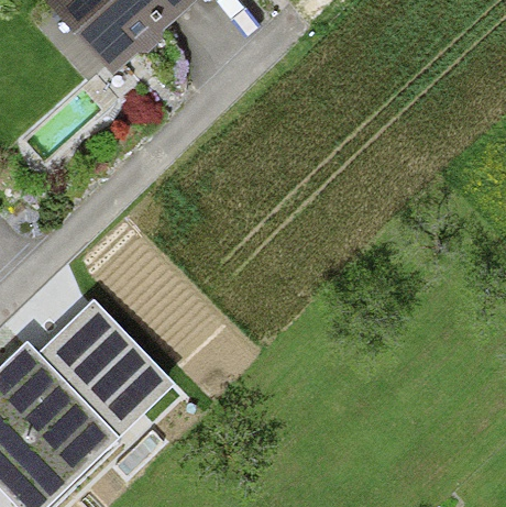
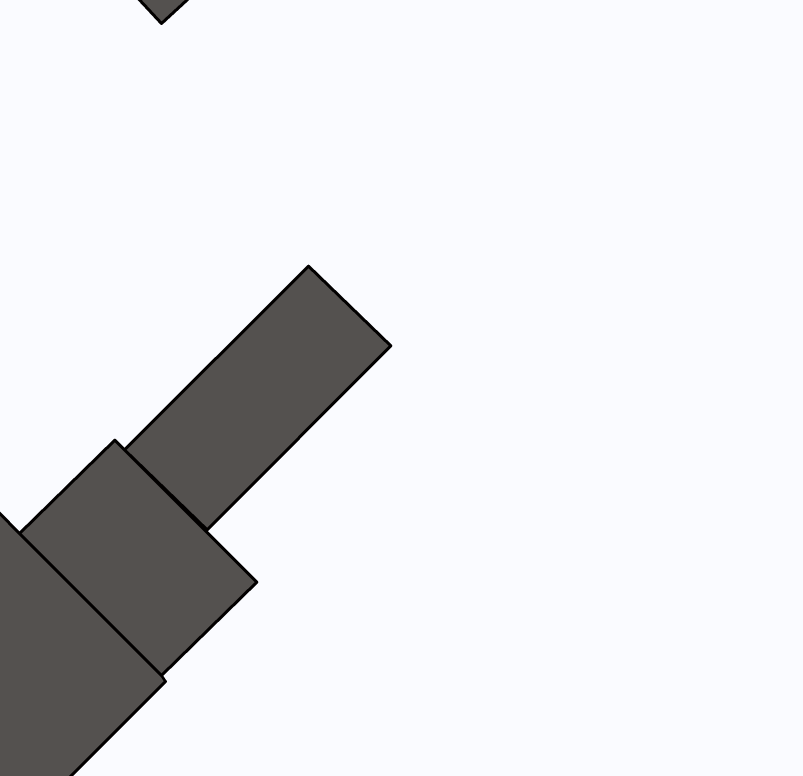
building: none -> [125,266,391,530]

